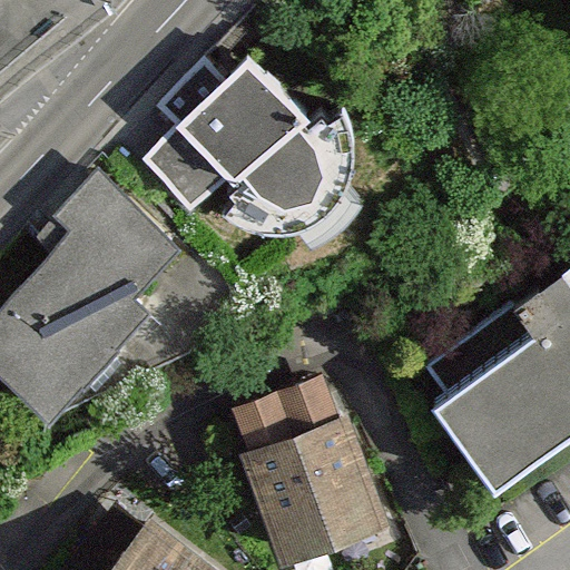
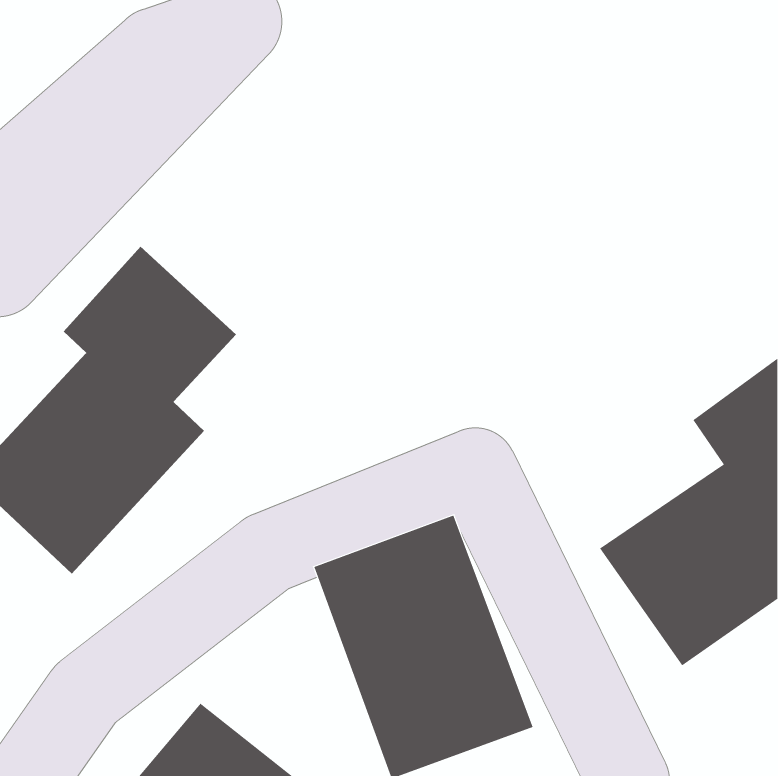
building: [140,48,353,237] -> none

